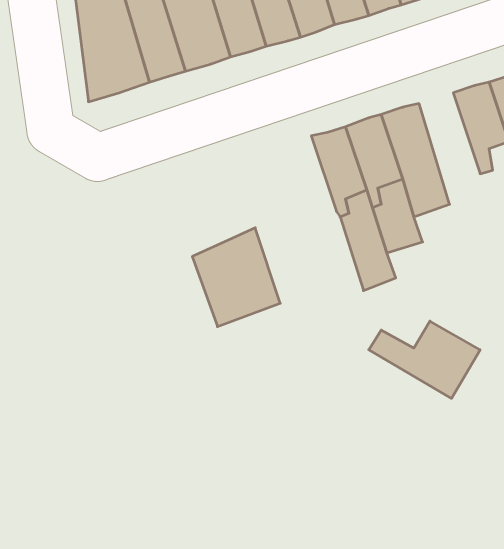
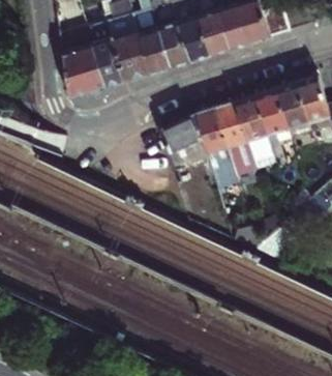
building: none -> [260,89,298,153]
building: [192,228,280,327] -> [161,114,212,171]

